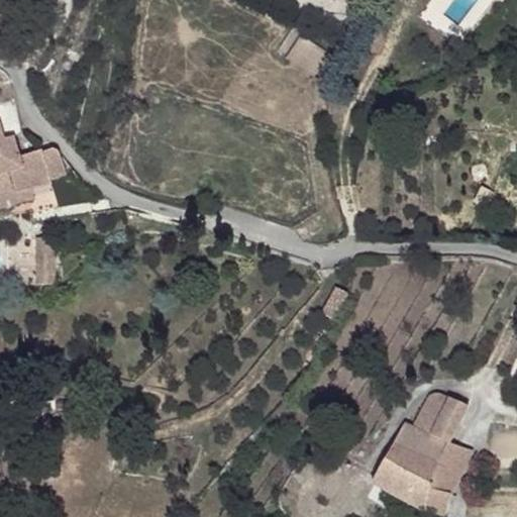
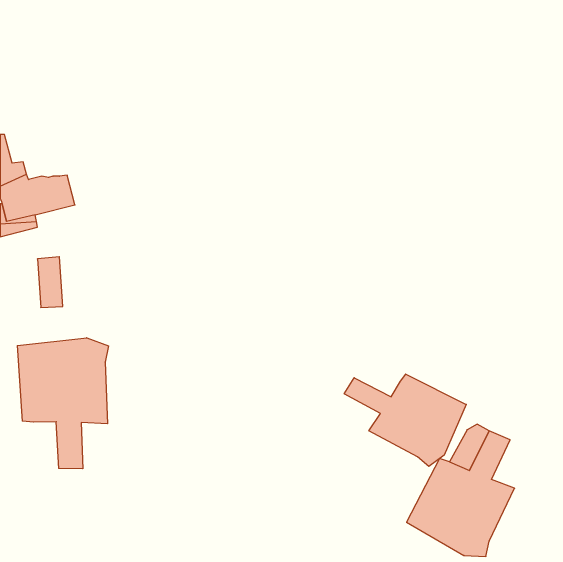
building: none -> [17,338,108,469]
building: none -> [344,374,466,466]

